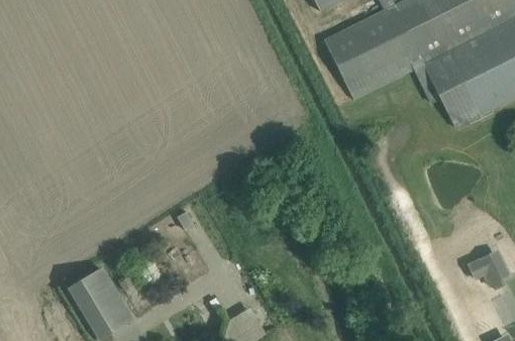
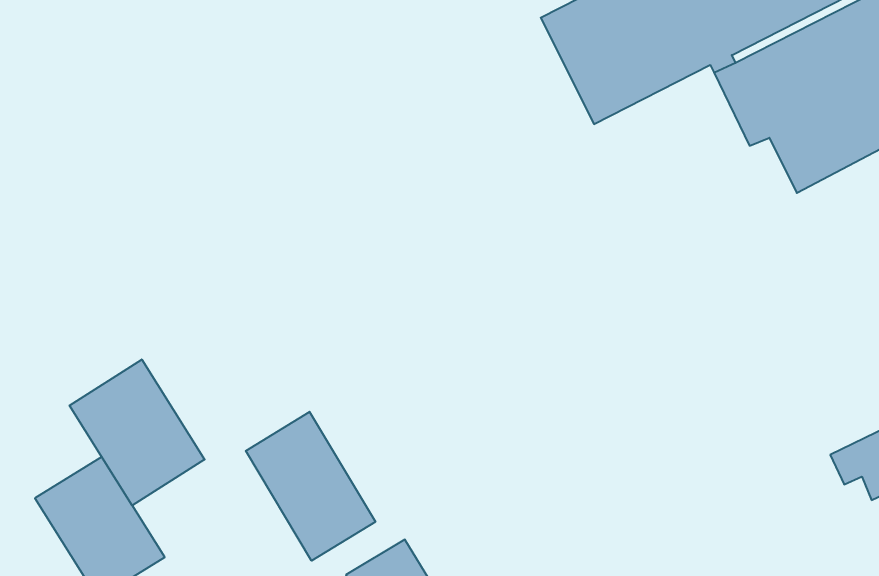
building: none -> [70,359,205,505]
building: none -> [246,412,375,561]

